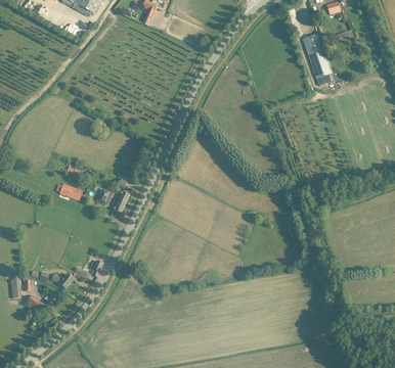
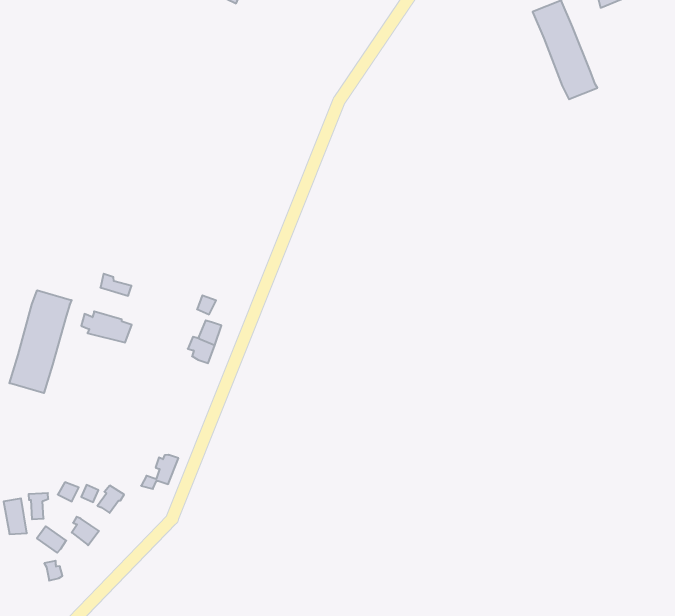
building: none -> [9,290,72,393]

